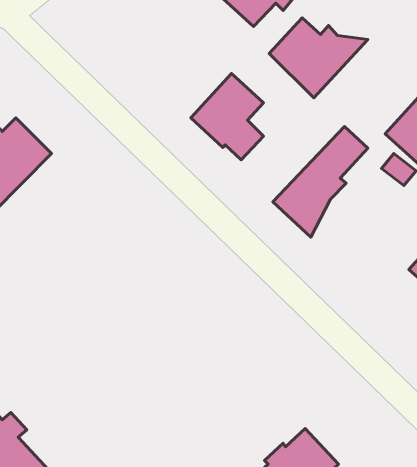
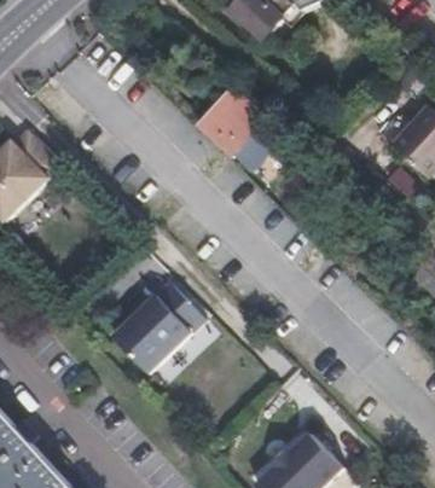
building: [269,18,368,98] -> none
building: [273,126,368,237] -> none
building: none -> [120,273,213,364]

